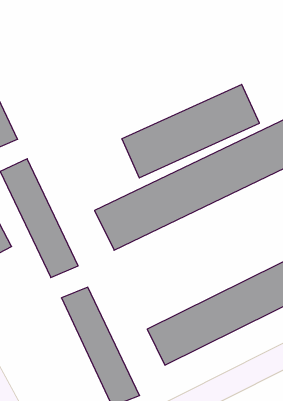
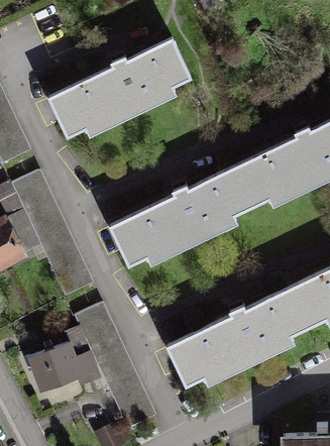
building: [122,84,259,178] -> [48,39,191,136]
building: none -> [20,344,102,405]

